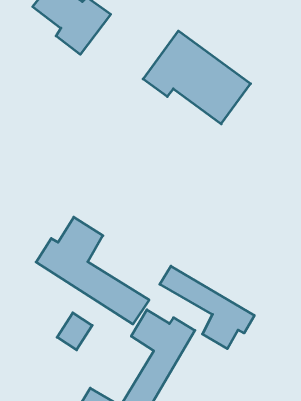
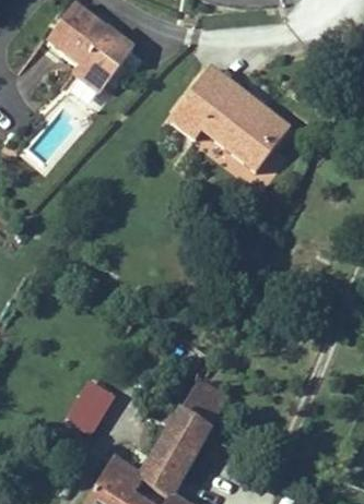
building: [36,217,149,324] -> none
building: [160,266,254,349] -> none

